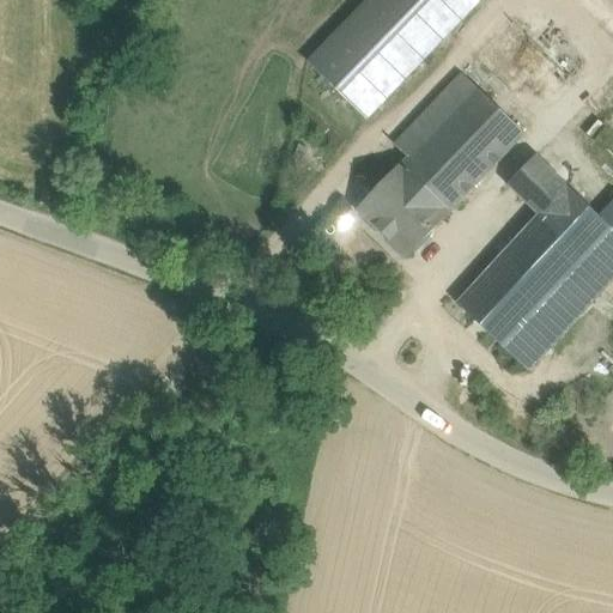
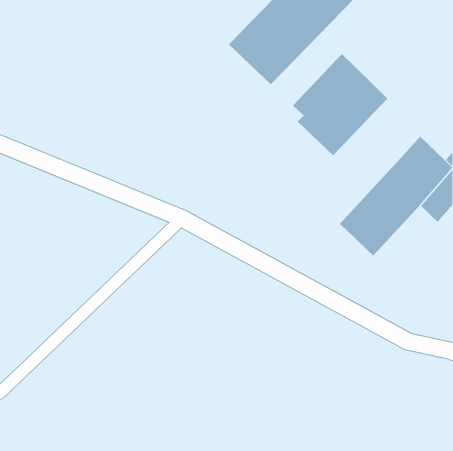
building: [508,153,566,213] -> none
building: [359,164,449,254] -> none
building: [503,278,590,369] -> none

